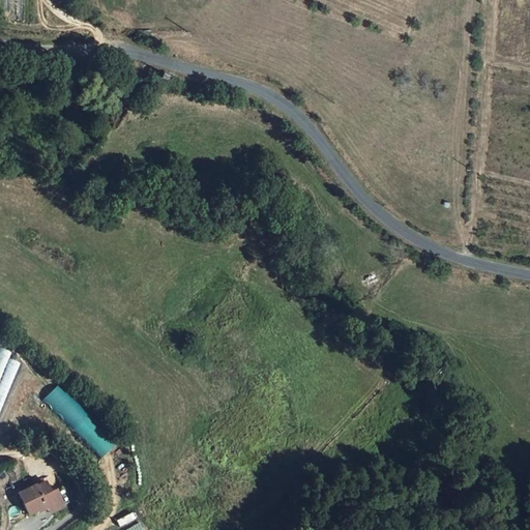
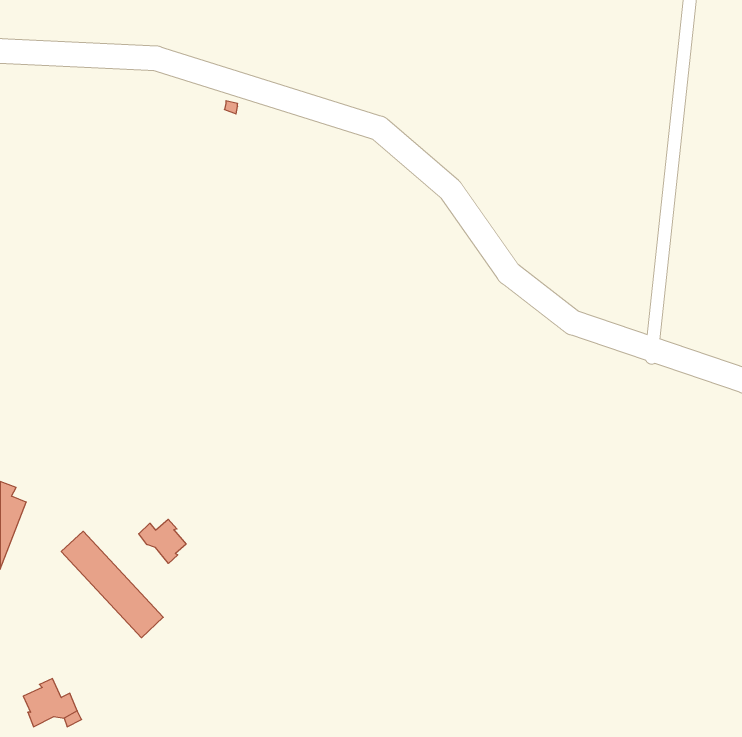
building: none -> [139,519,186,563]

